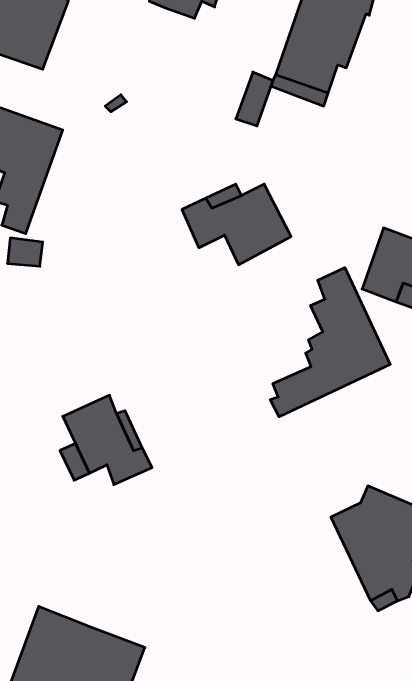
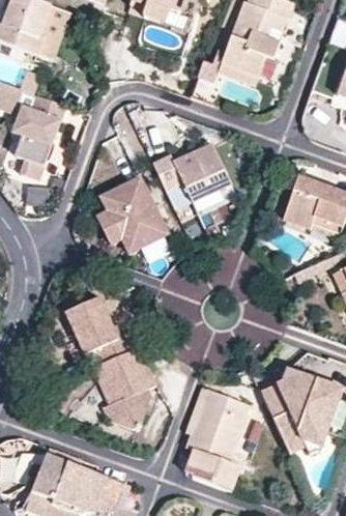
building: none -> [97,177,169,254]
building: [270,268,390,417] -> none
building: none -> [92,347,155,430]
building: none -> [183,385,249,490]

